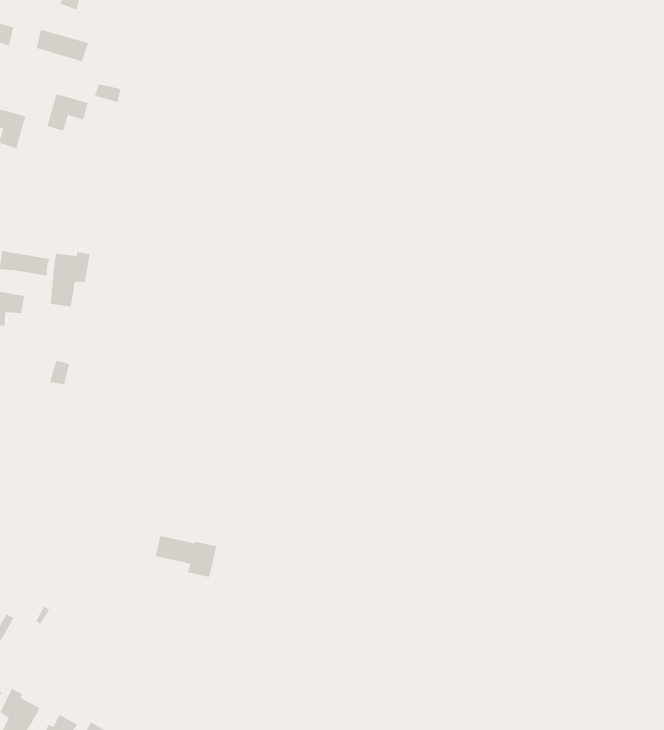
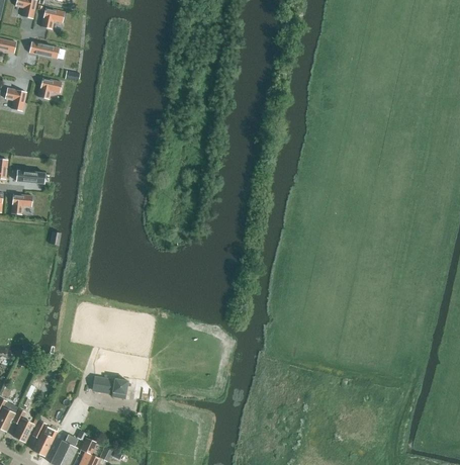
building: [50,251,90,307] -> none
building: [155,535,217,578] -> [93,377,128,399]

